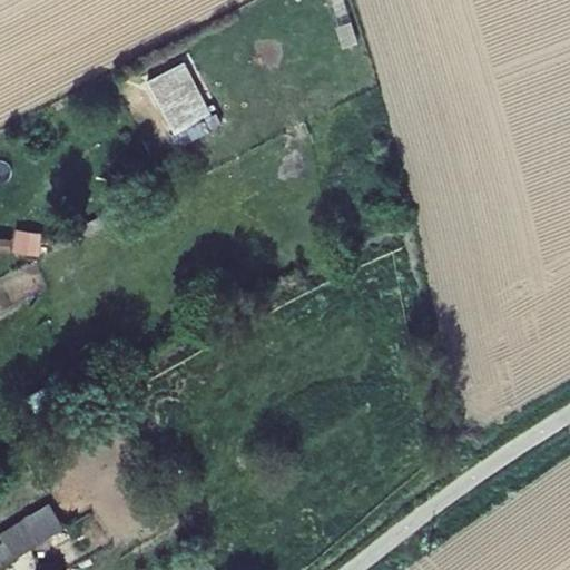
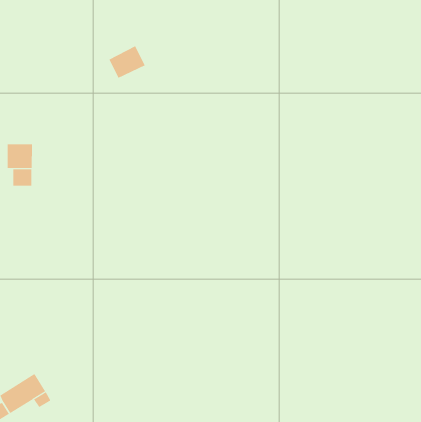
building: [159,89,208,134] -> none
building: none -> [7,143,33,169]

